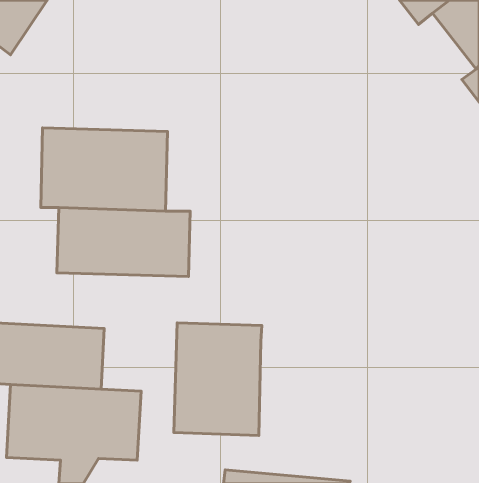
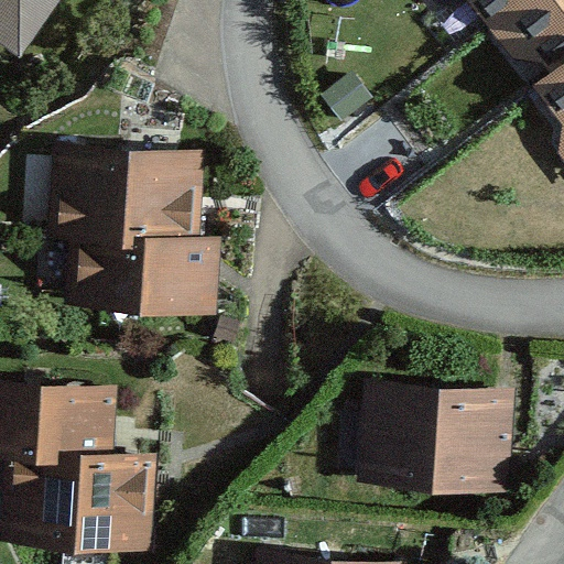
building: [174,323,262,435] -> none
building: none -> [358,390,512,490]

